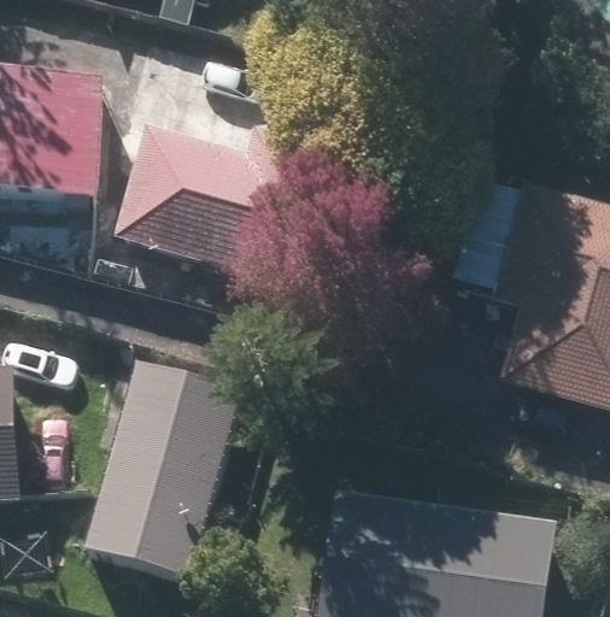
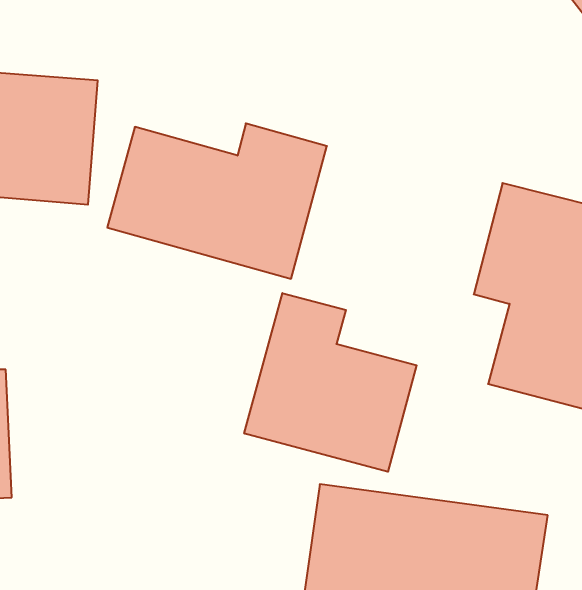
building: none -> [244,293,417,472]
building: [88,363,241,575] -> none

